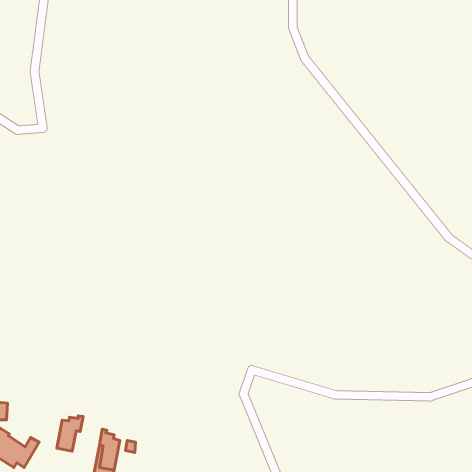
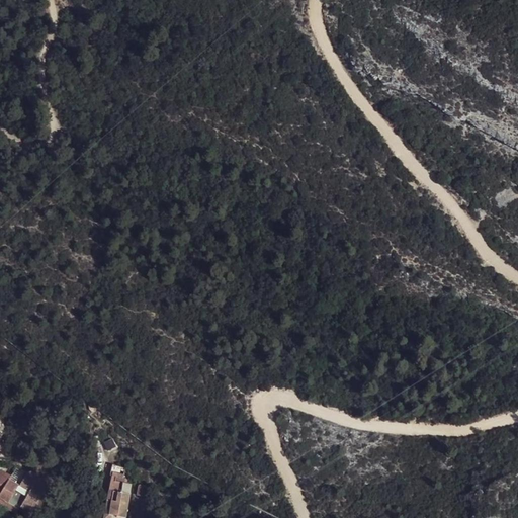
building: [57,416,83,451] -> none

